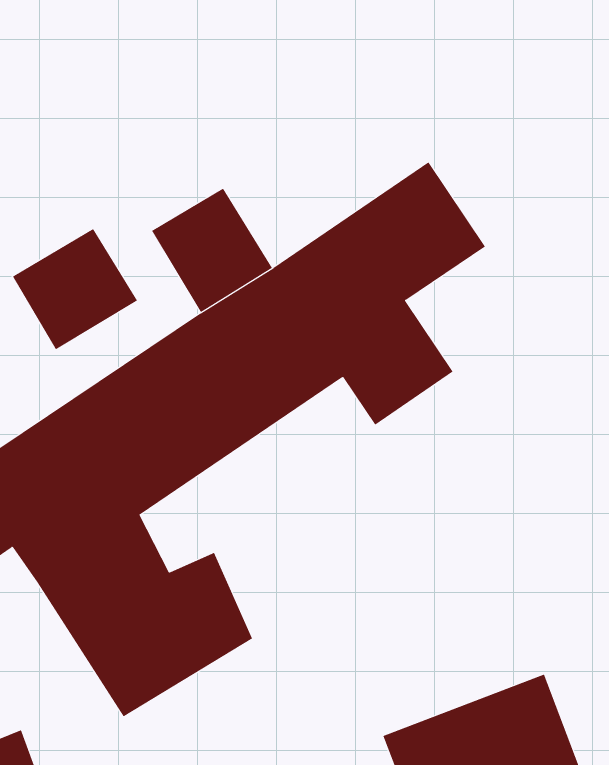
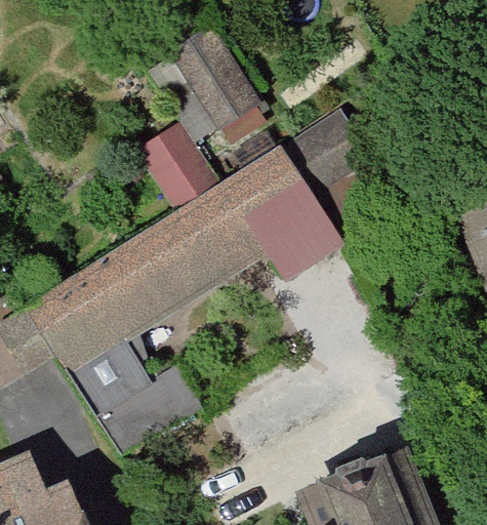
building: none -> [175,31,265,133]
building: [12,228,138,350] -> none

